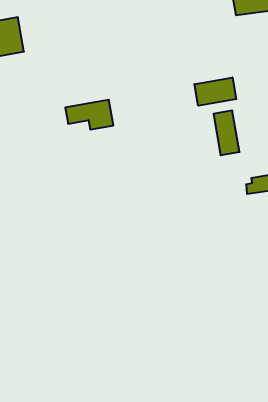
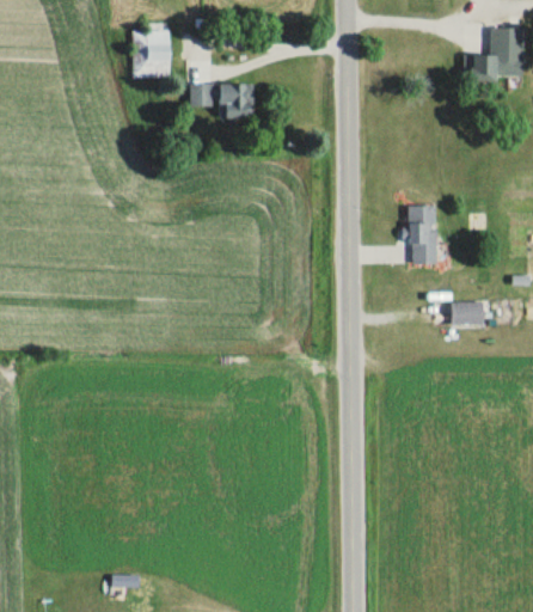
building: [194,77,236,106] -> none
building: [65,100,113,130] -> [191,82,252,118]

